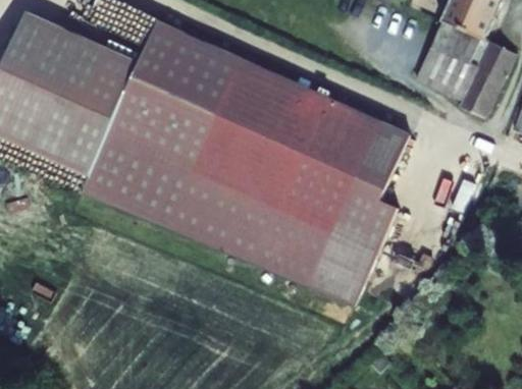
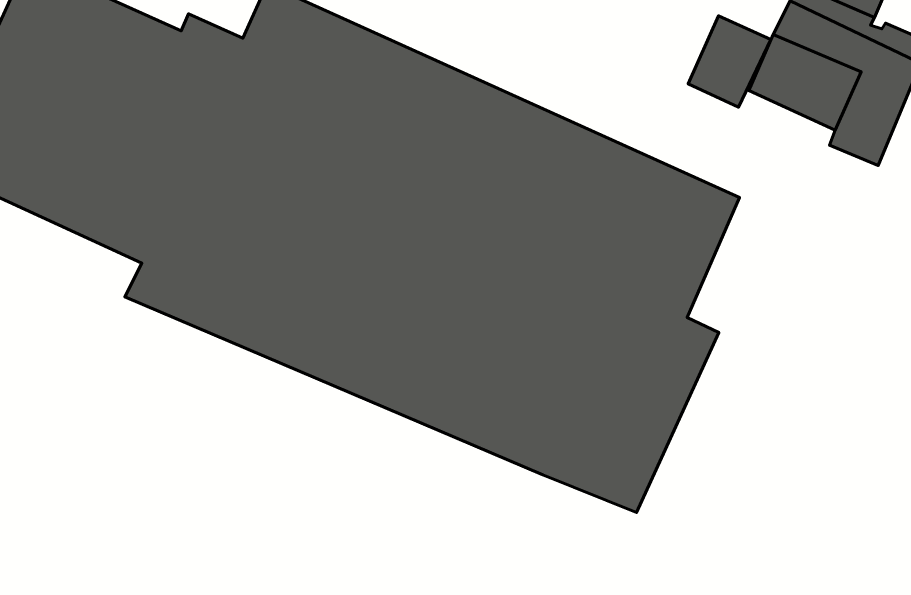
building: none -> [688,16,771,107]

